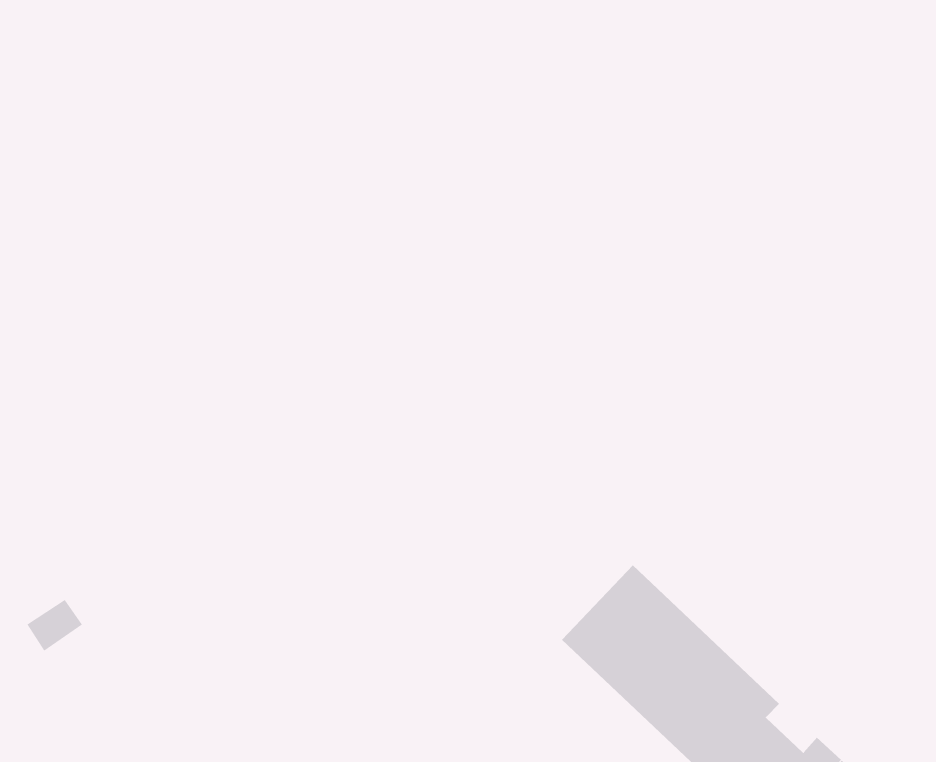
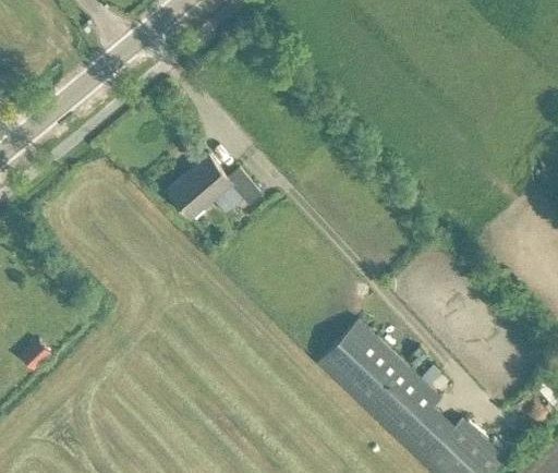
building: none -> [168,157,263,219]

